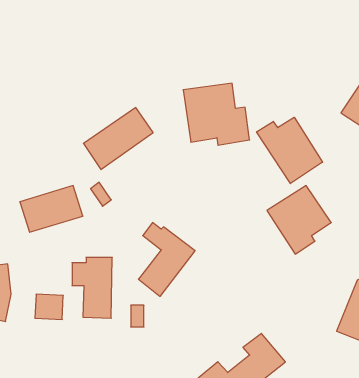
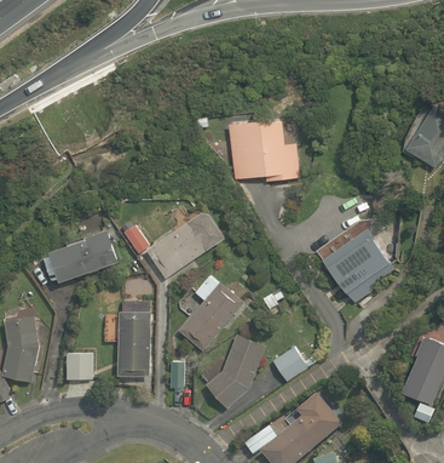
building: [83,108,153,170] -> [146,210,224,279]
building: [257,117,323,184] -> none
building: none -> [208,335,266,410]
building: none -> [272,345,310,382]

